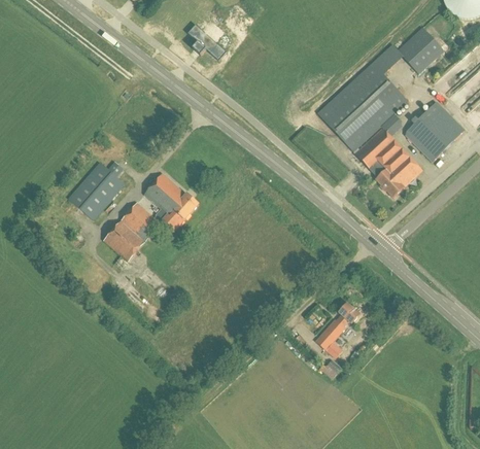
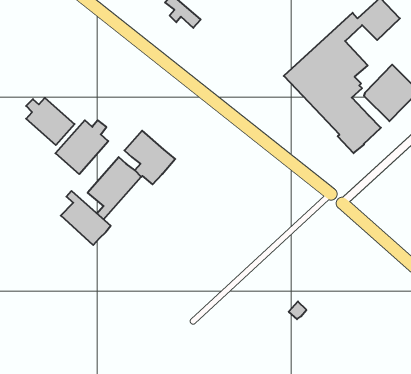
building: none -> [26,98,75,145]
building: none -> [61,191,111,245]
building: [313,303,358,350] -> none

